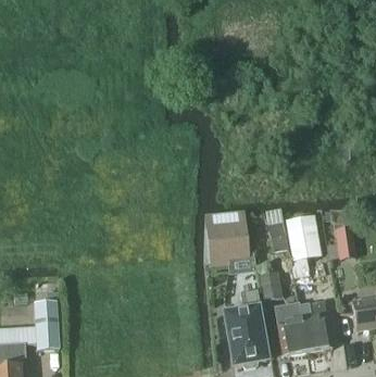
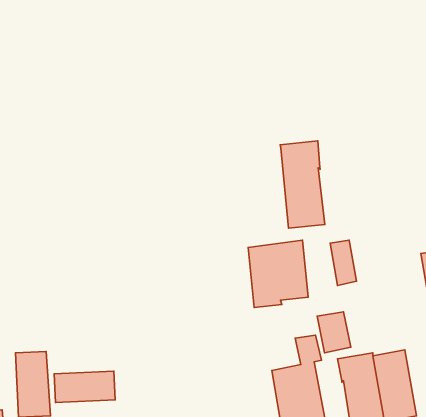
building: none -> [280,141,325,228]
building: [285,214,322,259] -> none
building: none -> [54,371,115,402]

